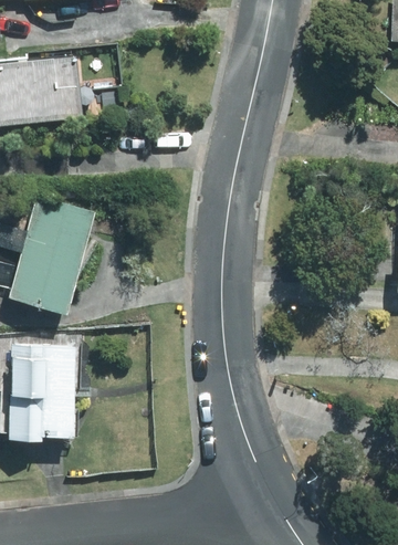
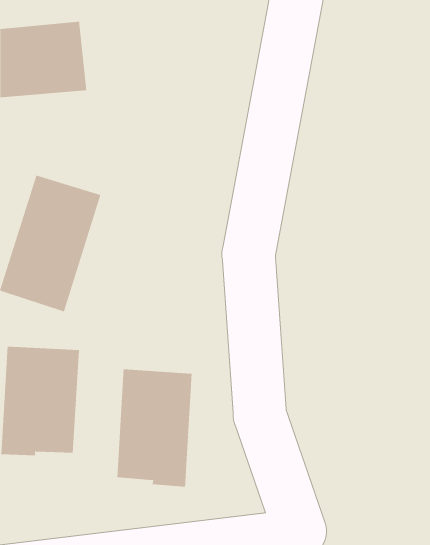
building: none -> [117,369,192,488]

